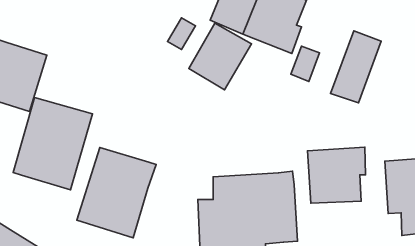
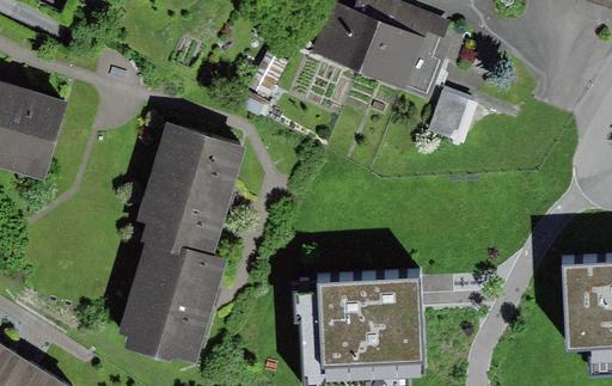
building: [189,23,251,90] -> none
building: [331,31,381,103] -> none
building: [13,98,92,190] -> [135,122,251,257]
building: [307,147,365,203] -> none

